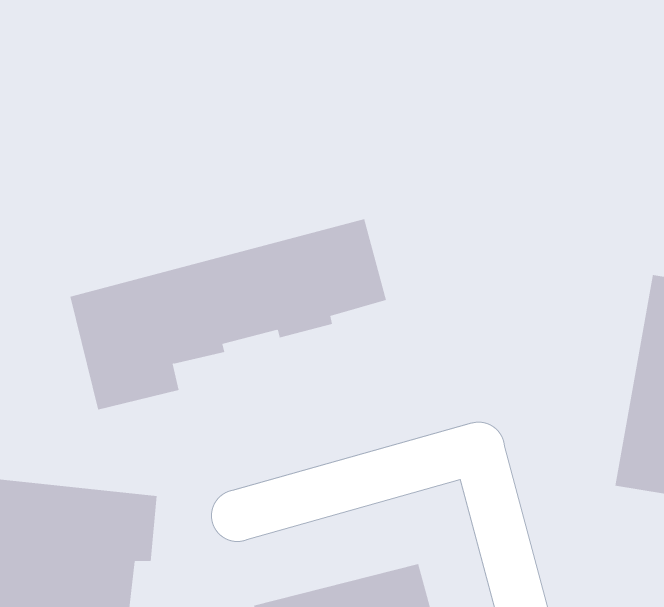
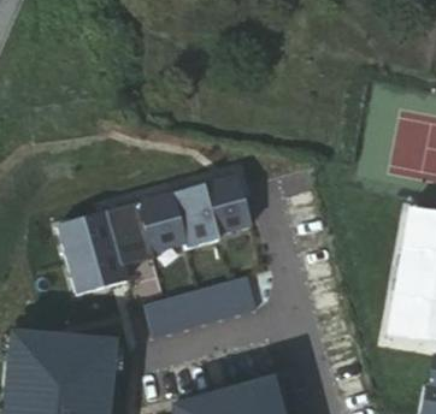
building: none -> [146,273,259,335]

